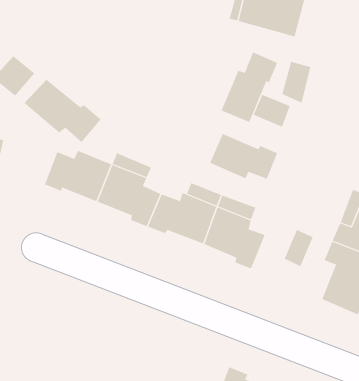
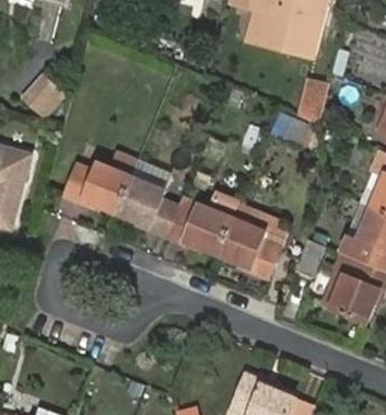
building: [221,51,278,123] -> none
building: [24,79,101,143] -> none
building: [209,133,278,179] -> none

